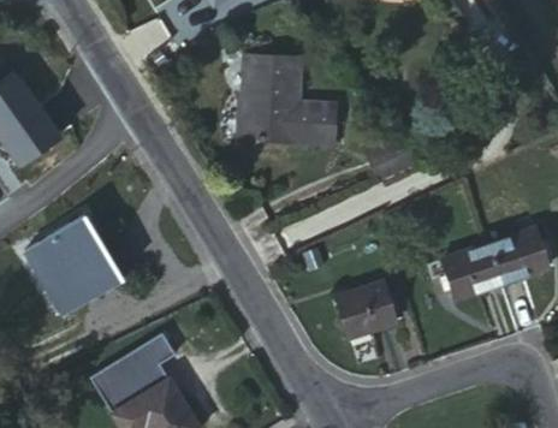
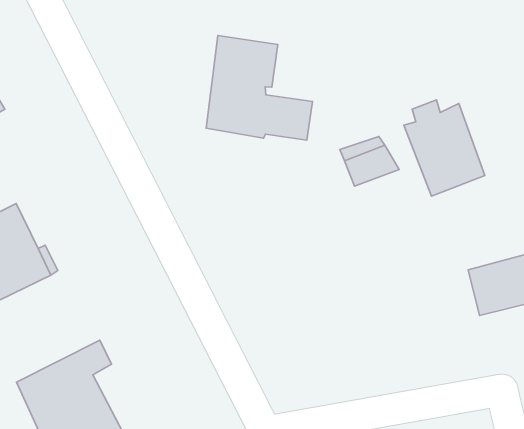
building: none -> [404,100,485,196]
building: [440,245,499,301] -> none
building: [334,281,397,338] -> none

